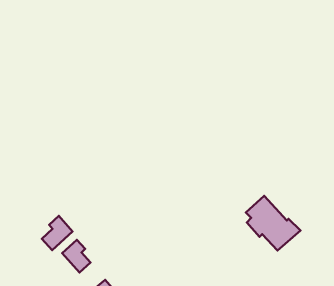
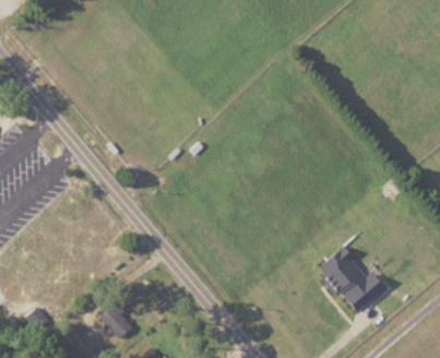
building: [42,216,73,250] -> none

